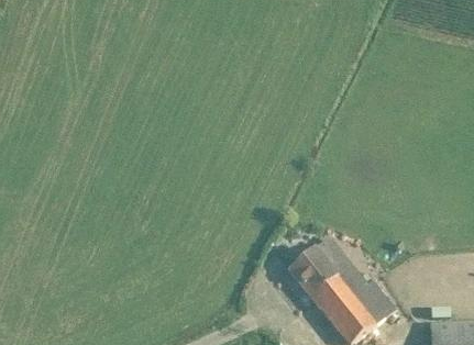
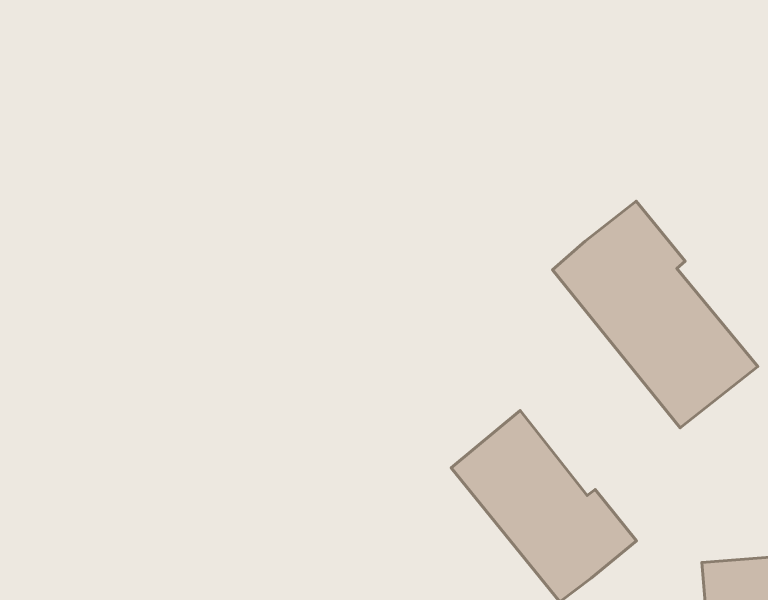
building: none -> [553,201,758,428]

